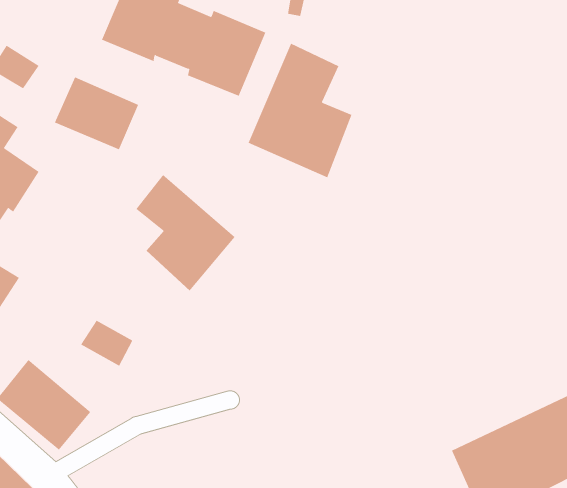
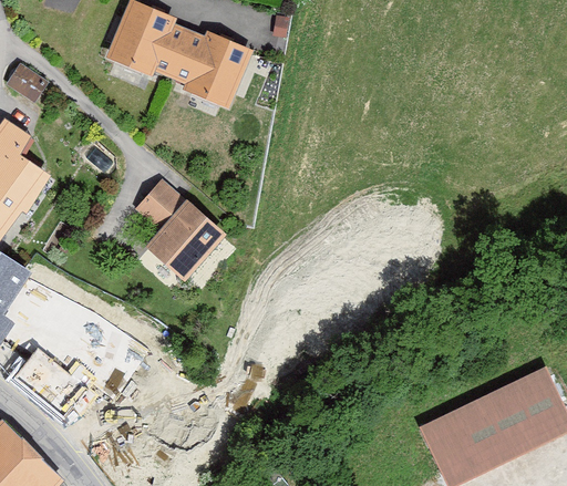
building: [248,43,352,178] -> none
building: [54,76,139,150] -> none

